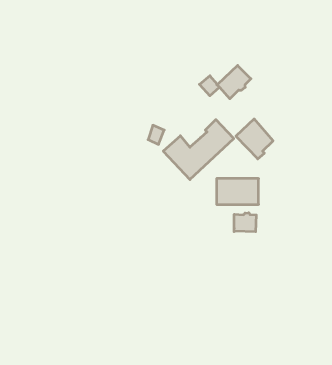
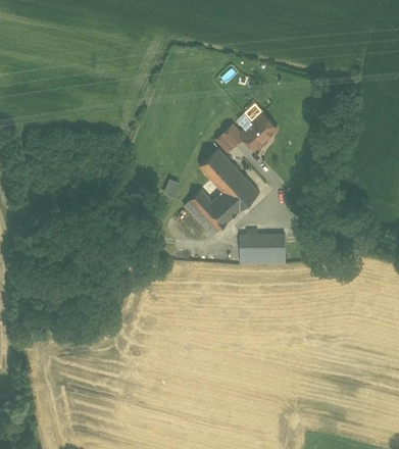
building: [236,119,273,159] -> [199,148,239,191]
building: [234,213,256,232] -> none

